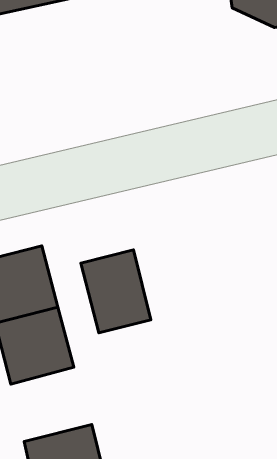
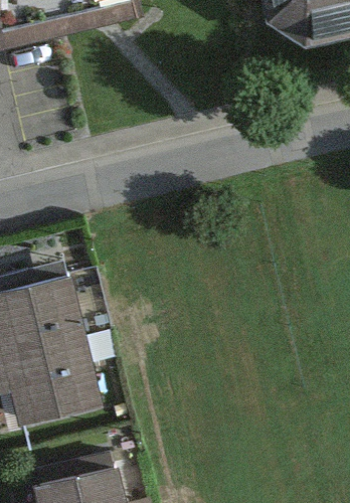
building: [81,250,151,333] -> none

